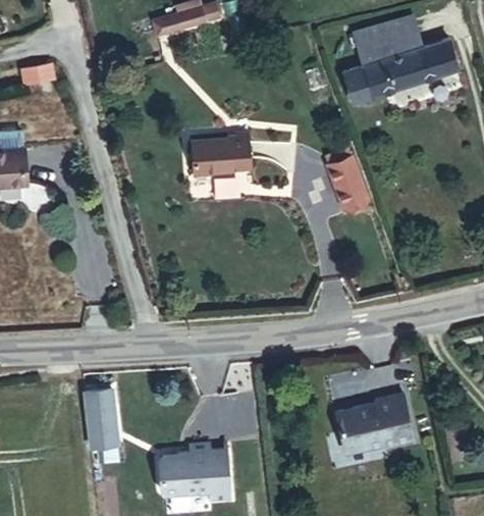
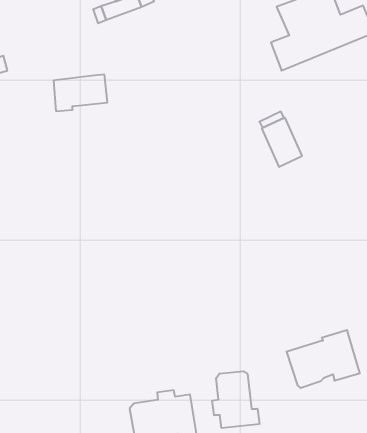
building: [193,139,250,174] -> [54,75,107,111]
building: [86,391,119,449] -> none
building: none -> [212,371,259,428]

